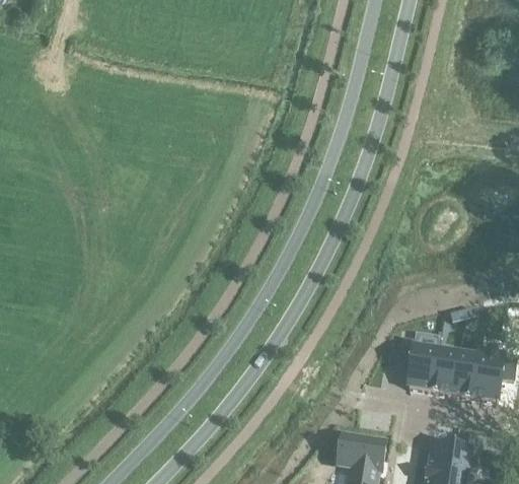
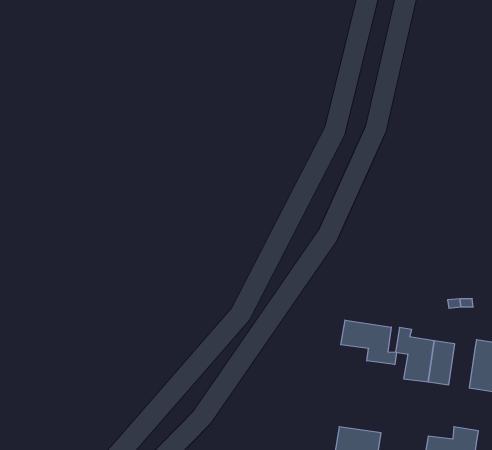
building: none -> [341,320,396,365]
building: [450,352,476,396] -> none

